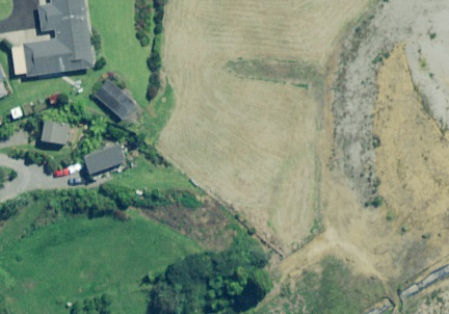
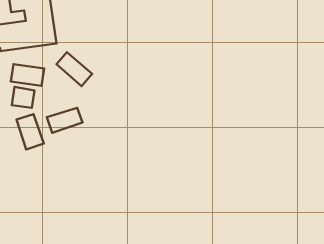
building: none -> [11,64,44,86]
building: none -> [16,114,44,149]

